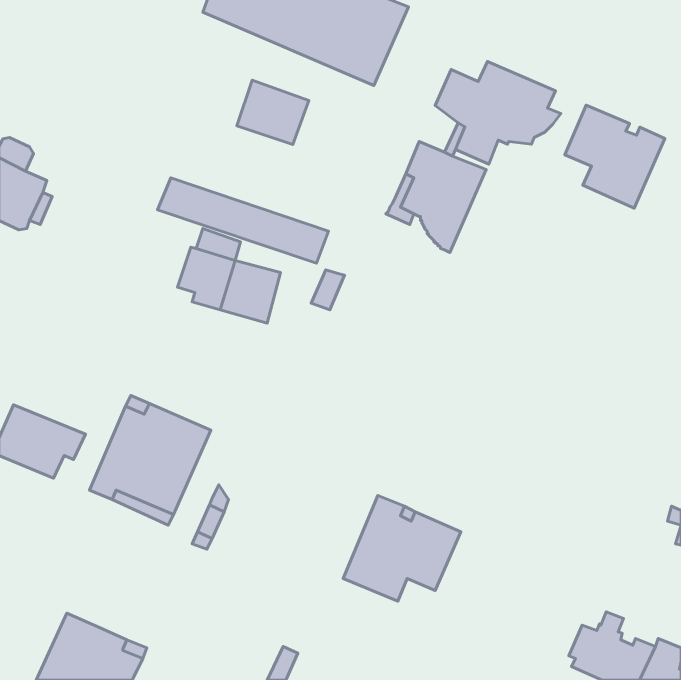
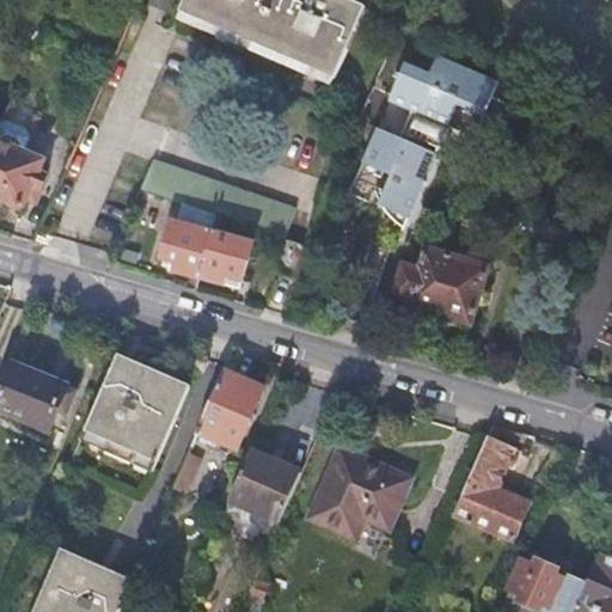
building: [237,80,309,144] -> none
building: [565,105,665,208] -> none
building: none -> [394,249,486,326]
building: none -> [200,371,262,446]
building: none -> [453,426,530,540]
building: none -> [221,448,301,539]

